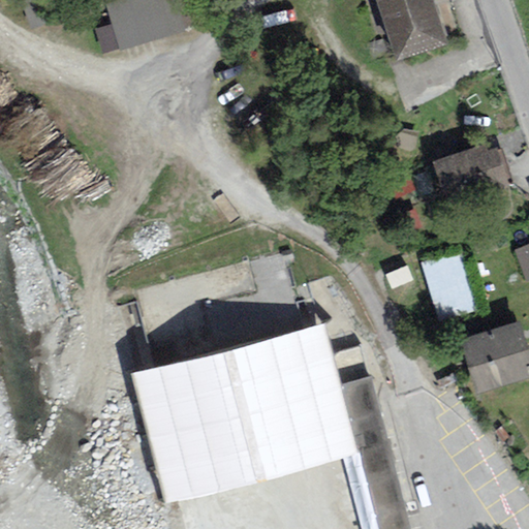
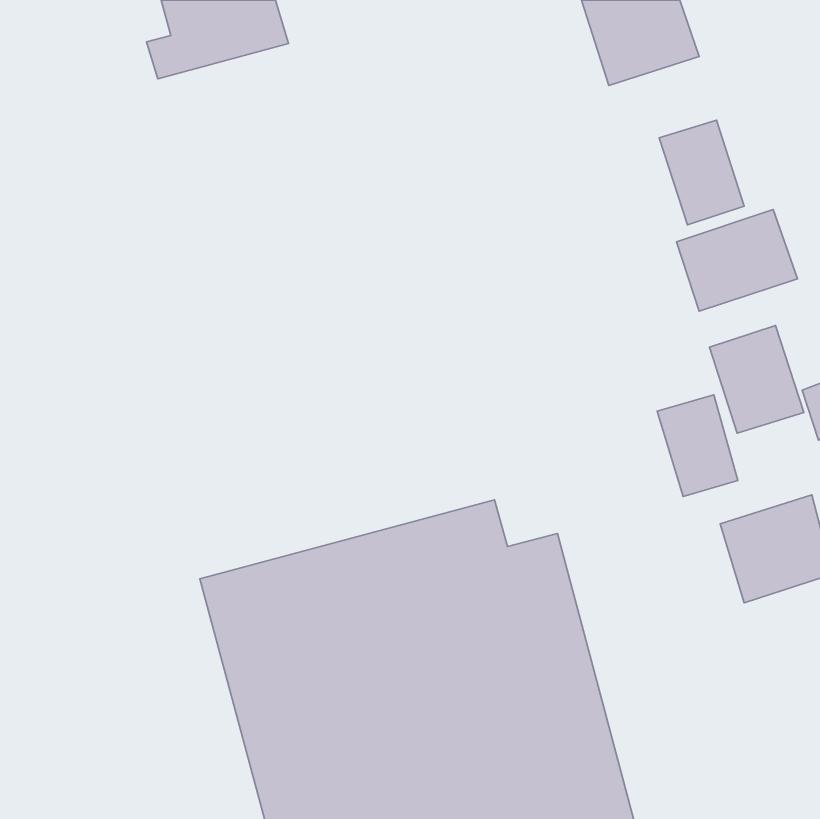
building: none -> [659,120,744,225]
building: none -> [710,326,804,433]

